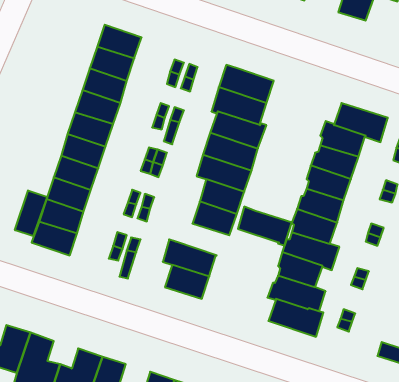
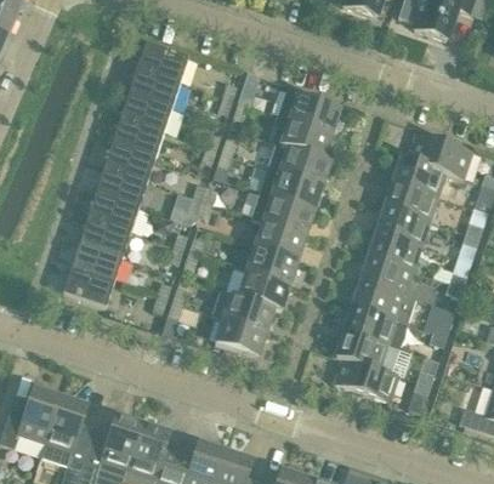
building: [15,190,47,236] -> none
building: [238,207,292,246] -> [227,267,289,312]

